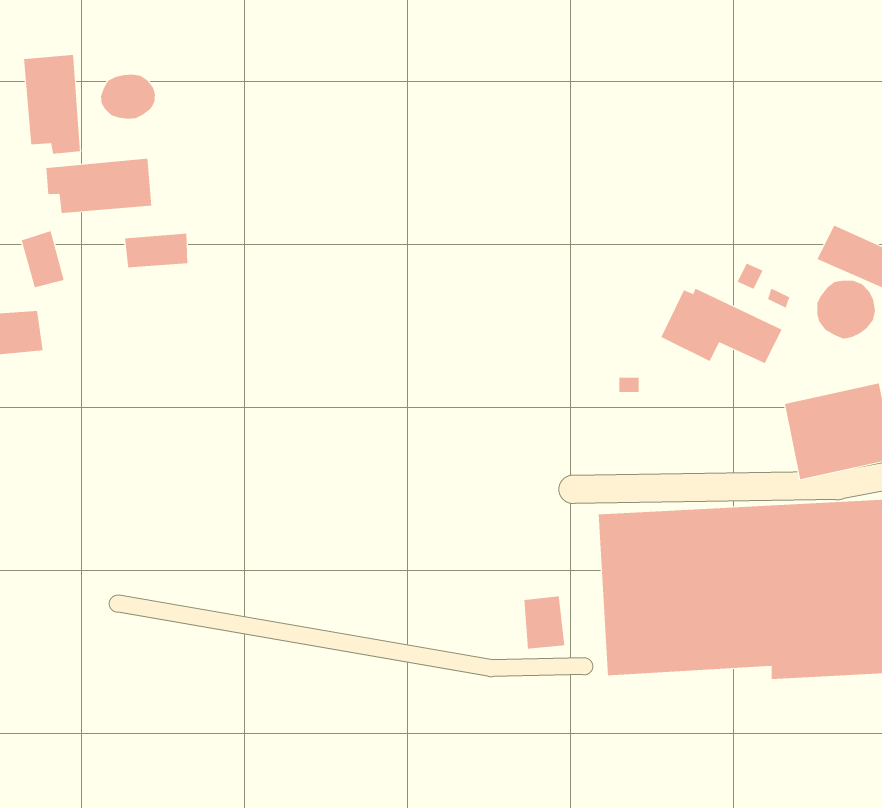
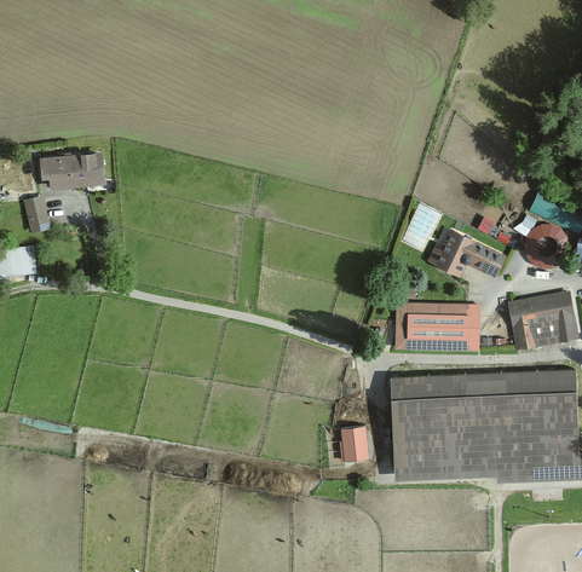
building: [24,54,80,154] -> none
building: [100,74,155,120] -> none
building: [125,233,188,268] -> none
building: none -> [394,304,478,352]

